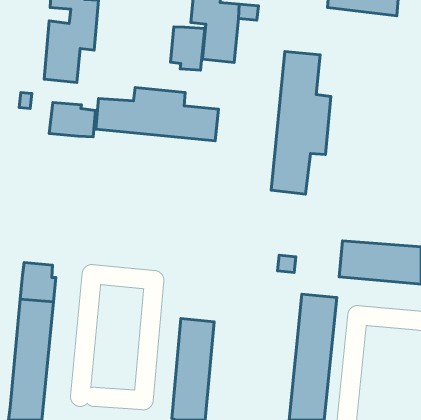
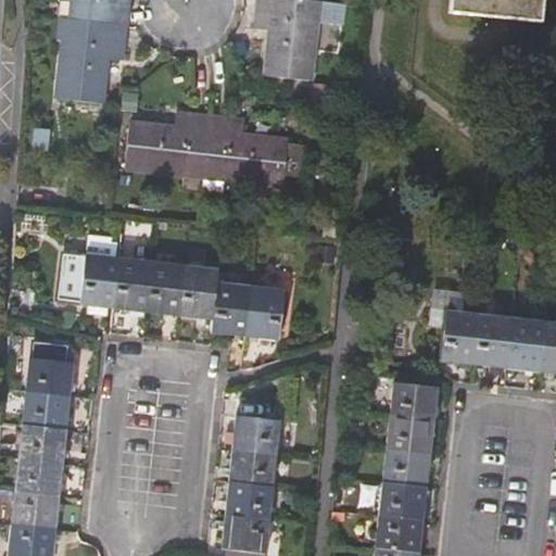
building: [171,27,205,70] -> none
building: [271,51,331,194] -> none
building: [49,102,96,137] -> none
building: none -> [59,250,283,336]

